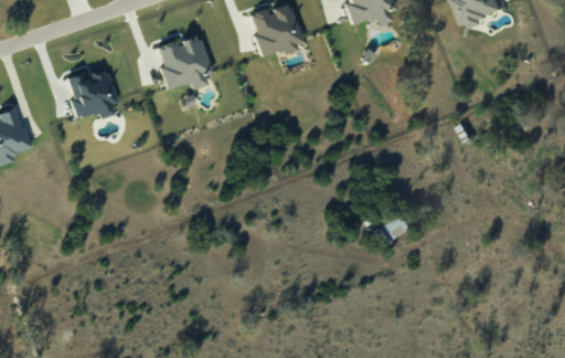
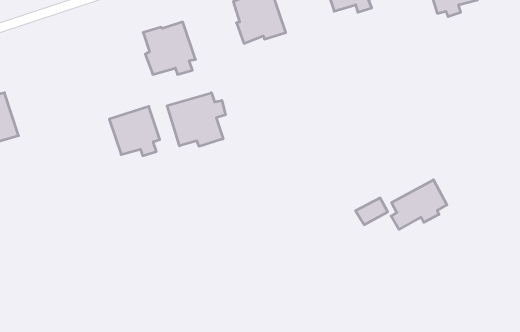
building: [66,67,118,118] -> [109,106,160,156]
building: none -> [167,93,225,146]
building: none -> [391,180,447,229]

